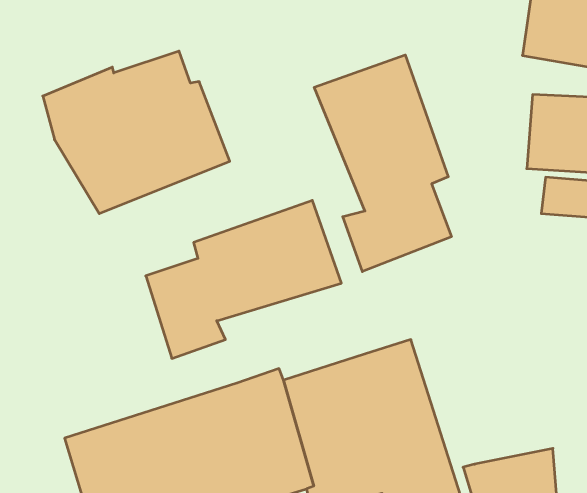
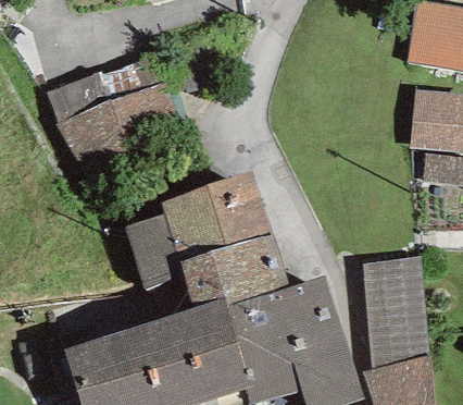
building: [314,55,451,272] -> none
building: none -> [178,233,289,308]
building: none -> [363,258,430,369]

